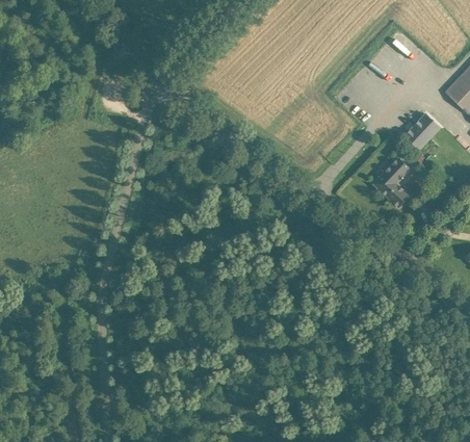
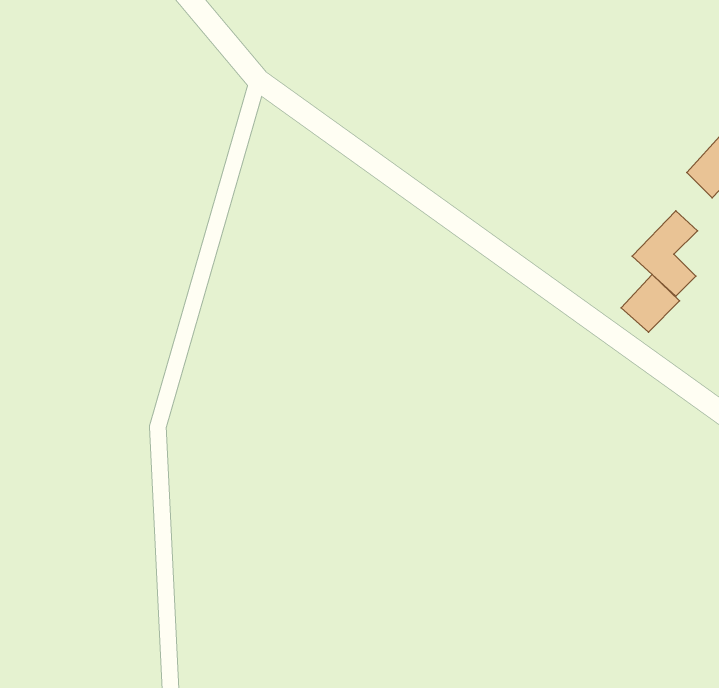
building: none -> [621,275,680,332]

